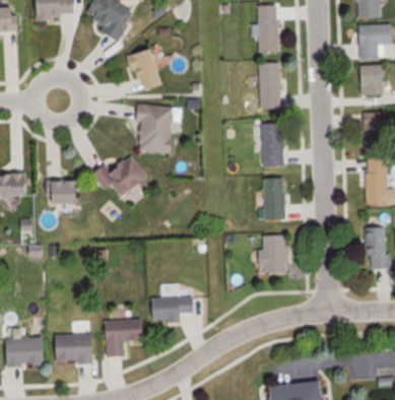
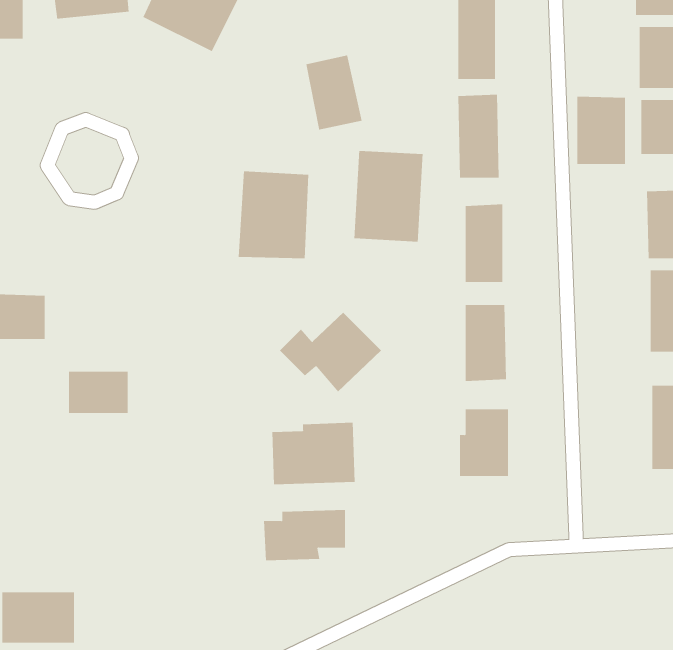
building: [129,49,160,90] -> [306,55,362,130]
building: none -> [577,96,625,165]
building: none -> [354,150,423,242]
building: [92,153,149,198] -> [279,312,382,392]
building: [48,179,81,202] -> [68,371,129,413]
building: none -> [272,422,355,485]
building: [104,319,144,356] -> none
building: [53,334,92,363] -> none

